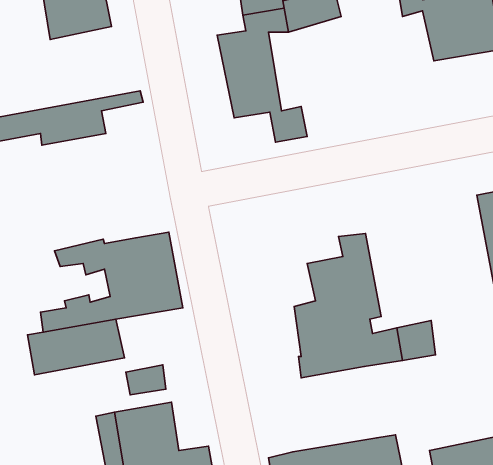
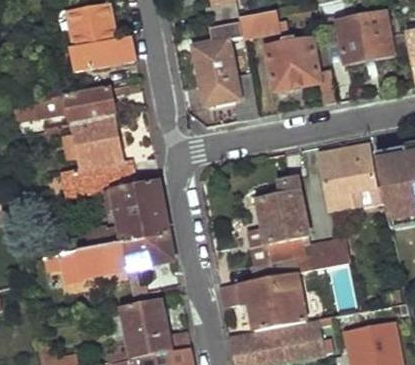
building: none -> [58,35,136,70]
building: none -> [265,35,336,102]
building: none -> [64,112,136,195]
building: none -> [320,147,374,210]
building: none -> [122,234,174,269]
building: none -> [219,275,305,335]

